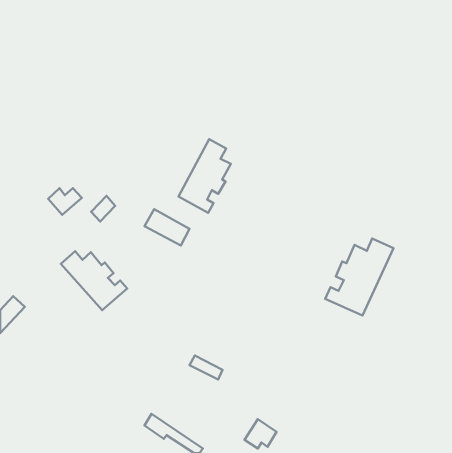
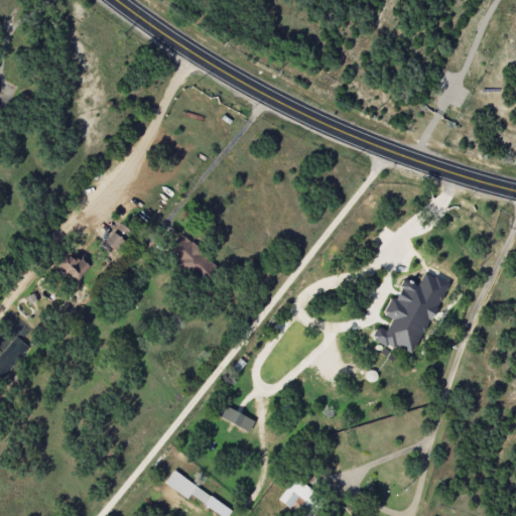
building: [178,139,231,213] -> none
building: [48,188,82,215] -> [55,253,94,283]
building: [61,251,127,310] -> none

